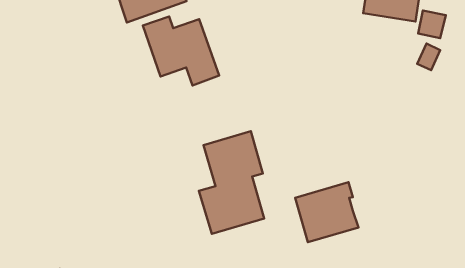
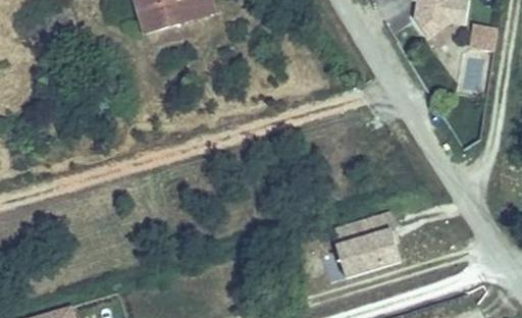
building: [143,16,219,85] -> none
building: [199,131,264,234] -> none

